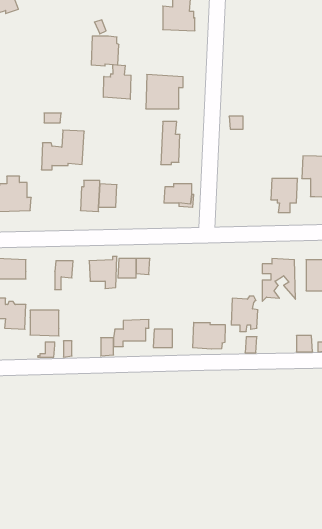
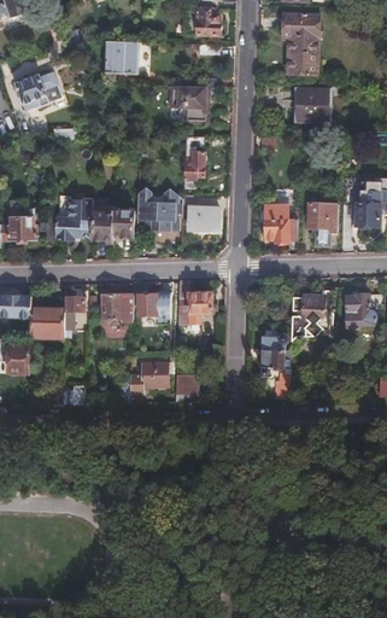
building: none -> [283,12,321,74]
building: none -> [11,72,58,112]
building: [103,65,131,99] -> none
building: none -> [295,87,330,121]
building: [41,130,84,170] -> [43,199,92,244]
building: none -> [135,191,176,231]
building: none -> [266,205,297,241]
building: none -> [176,280,211,323]
building: [30,310,59,336] -> [30,308,63,337]
building: [193,322,225,349] -> none

